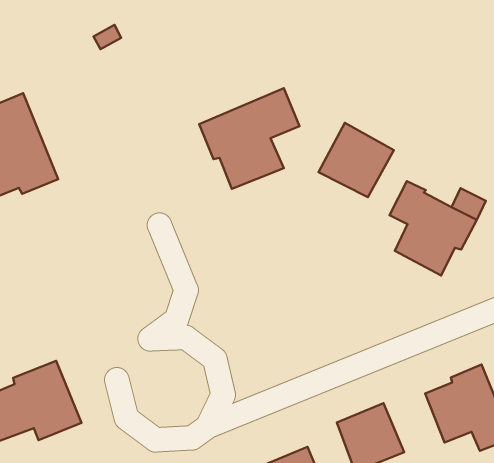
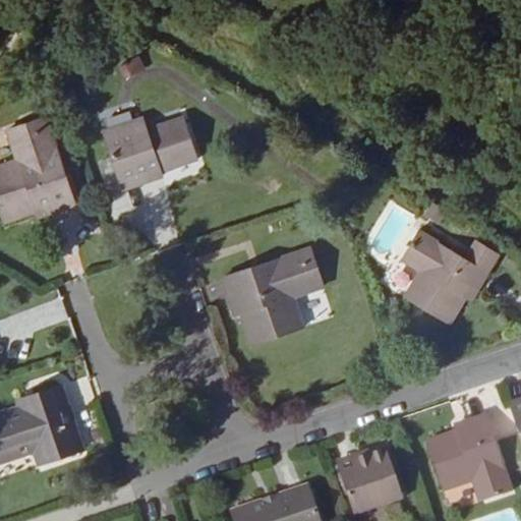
building: none -> [102,117,199,190]
building: [199,88,300,189] -> [223,247,323,344]
building: [319,123,394,197] -> none

